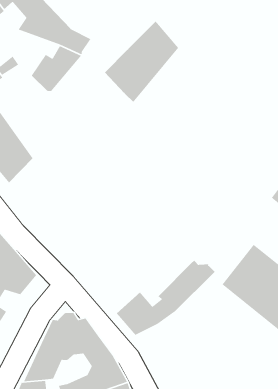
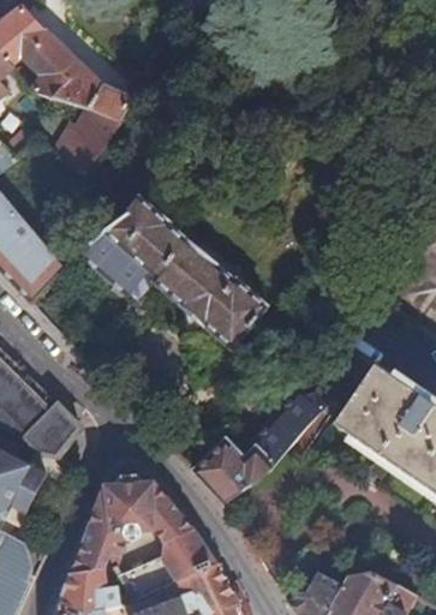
building: [104,20,179,103] -> none
building: none -> [78,198,267,347]

